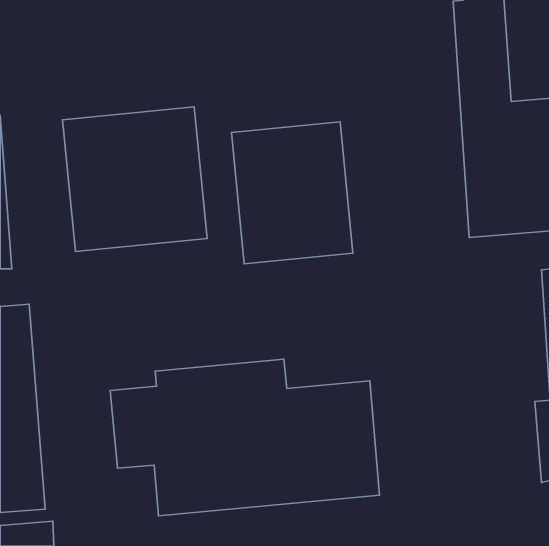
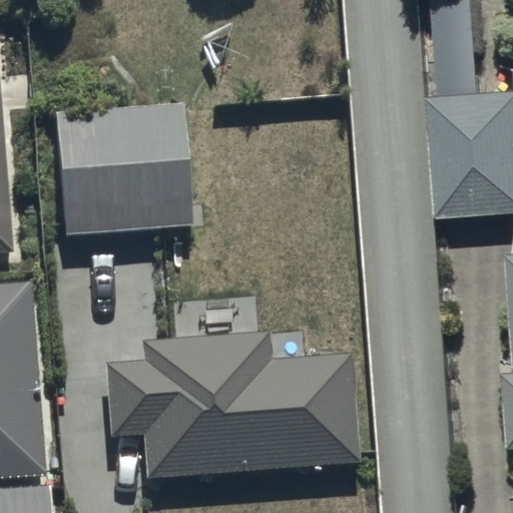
building: [231,122,353,264] -> none

